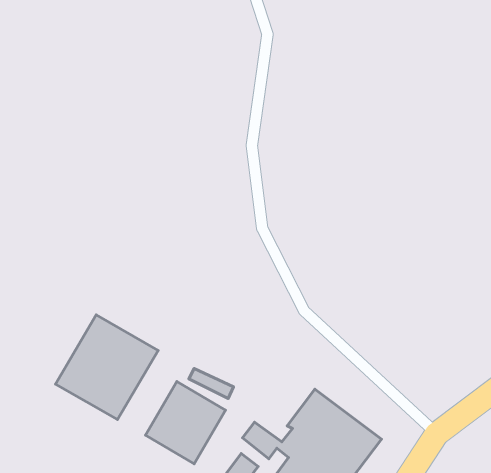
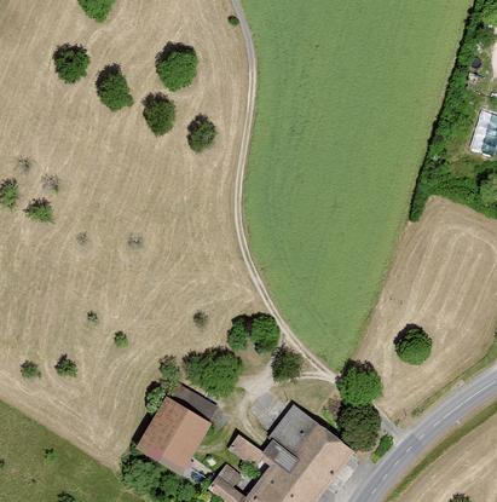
building: [56,315,158,420] -> none

